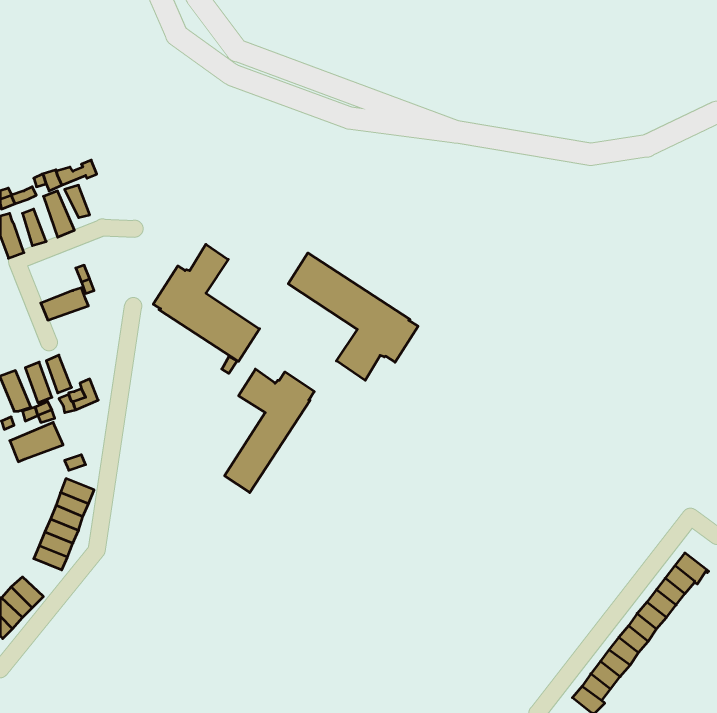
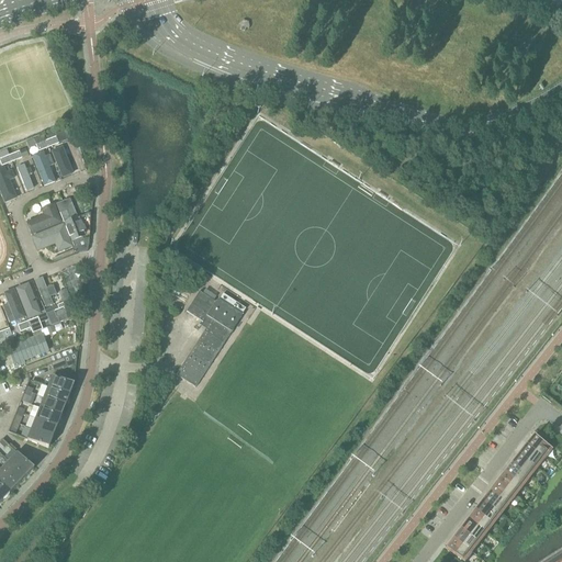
building: [153,244,260,361] -> none
building: [288,253,418,380] -> none
building: none -> [24,204,58,227]

